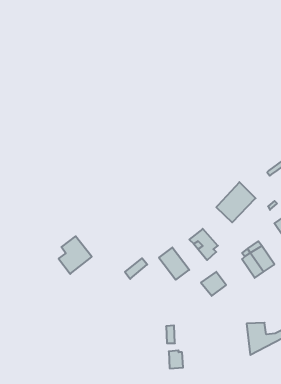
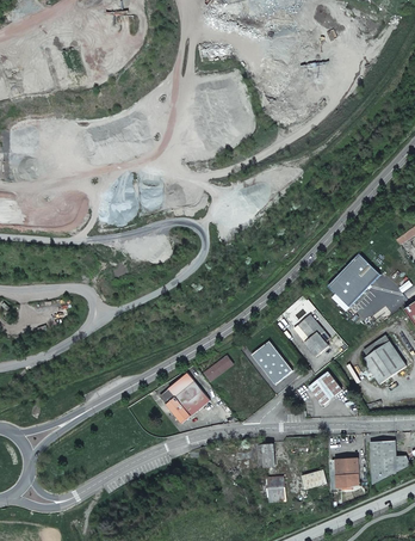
building: [59,236,92,274] -> [166,374,210,424]
building: none -> [327,459,358,488]

